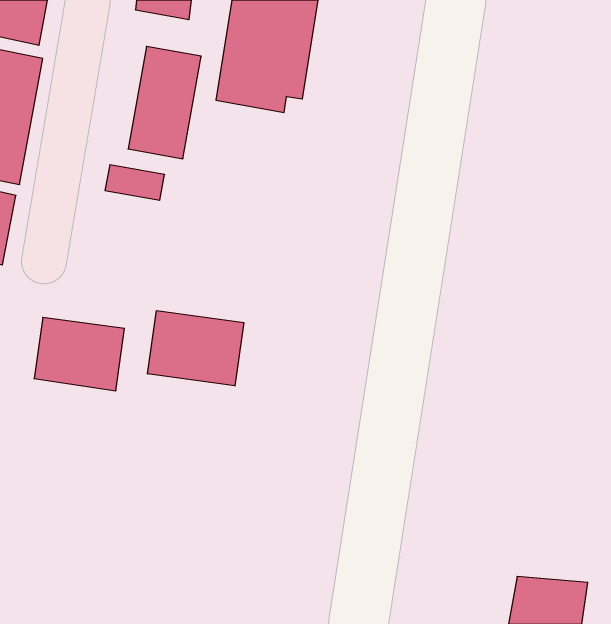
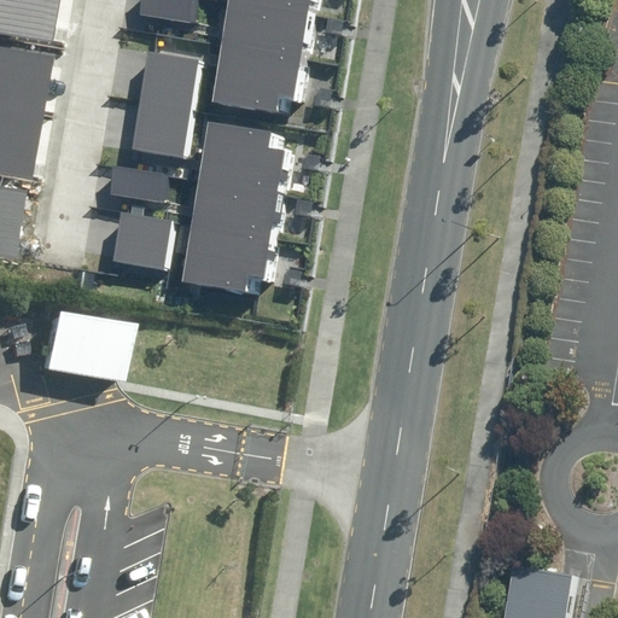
building: none -> [185,119,292,290]
building: none -> [109,208,170,267]
building: [148,311,244,386] -> none

